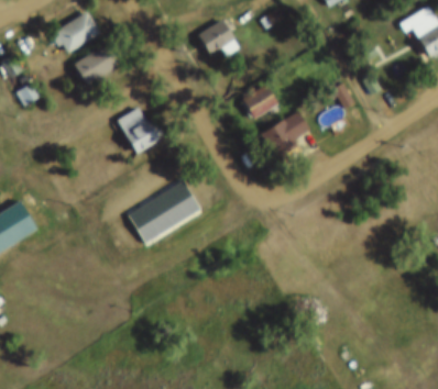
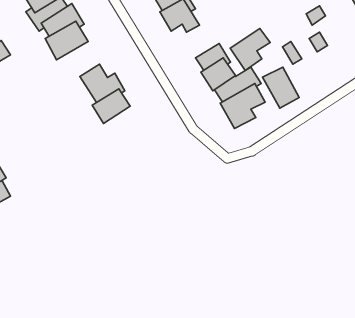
building: none -> [230,28,270,71]
building: none -> [262,67,299,108]
building: [128,177,200,242] -> none

